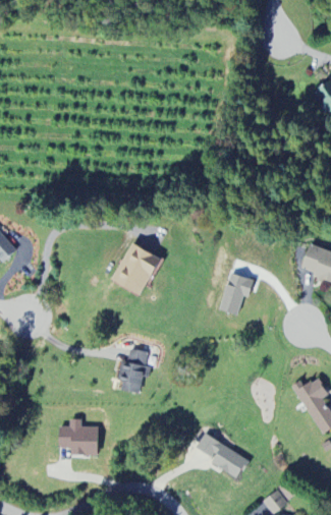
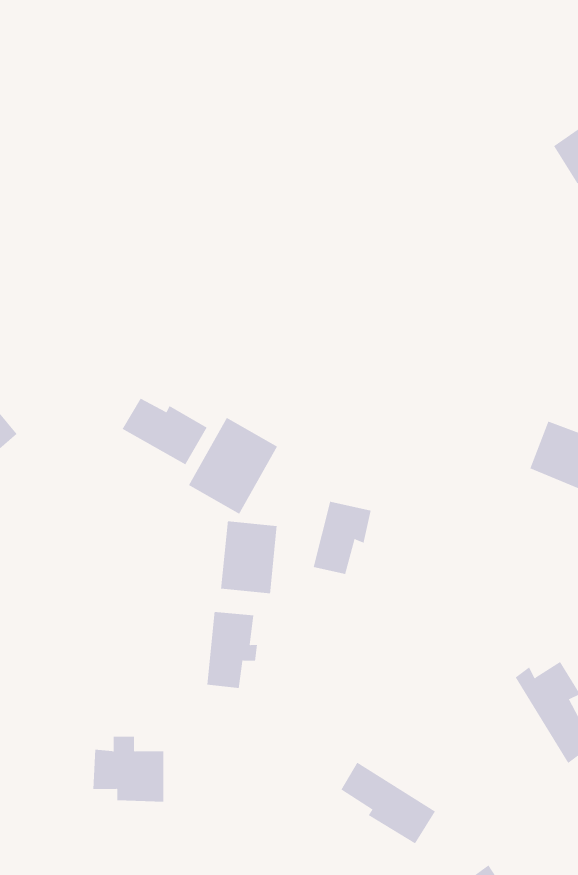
building: none -> [122,398,208,465]
building: [220,274,253,314] -> [313,501,372,575]
building: none -> [221,521,277,594]

